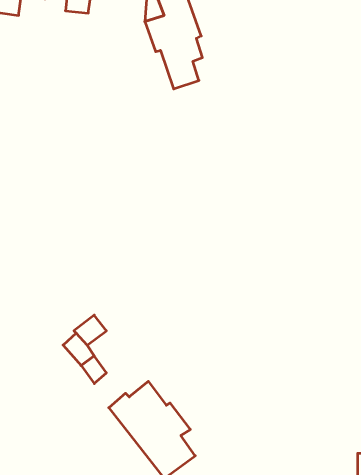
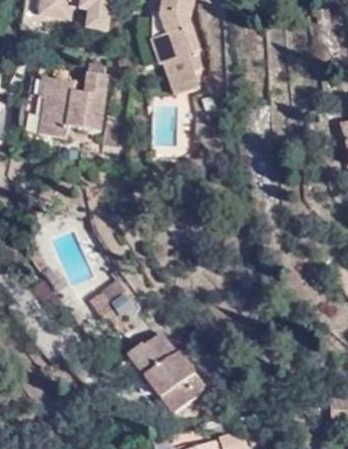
building: none -> [39,69,108,136]

